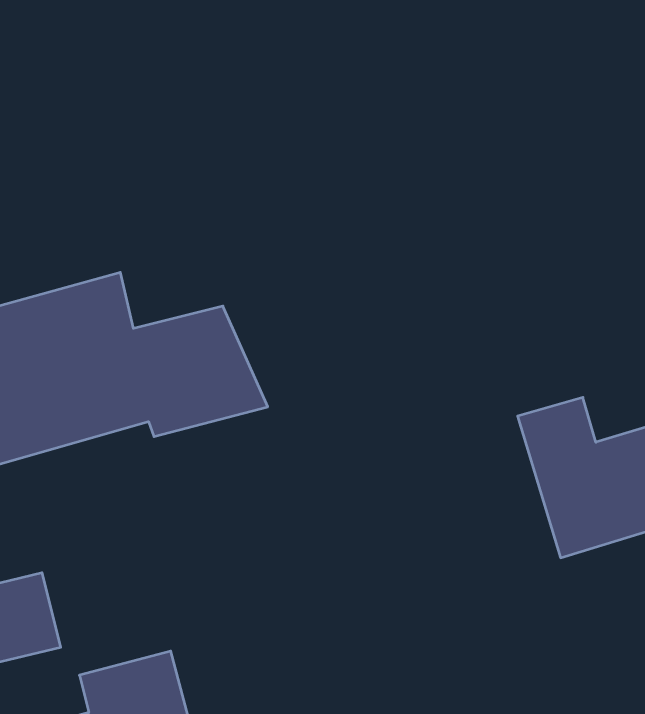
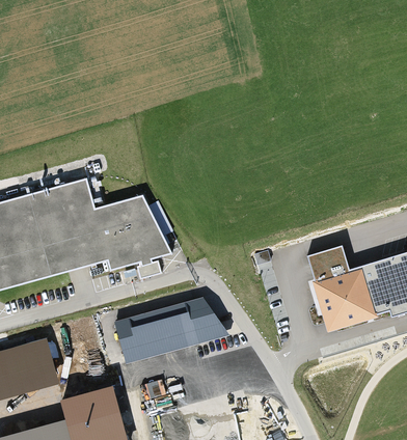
building: none -> [115,299,232,364]

